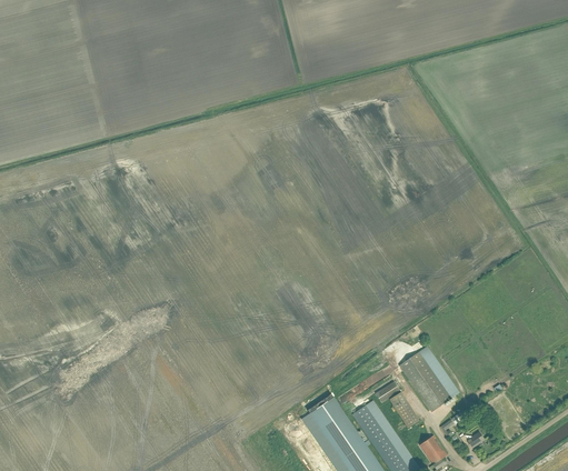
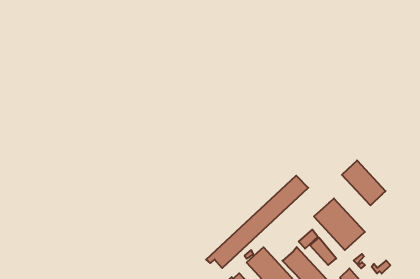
building: none -> [342,160,386,205]
building: none -> [206,176,308,268]

